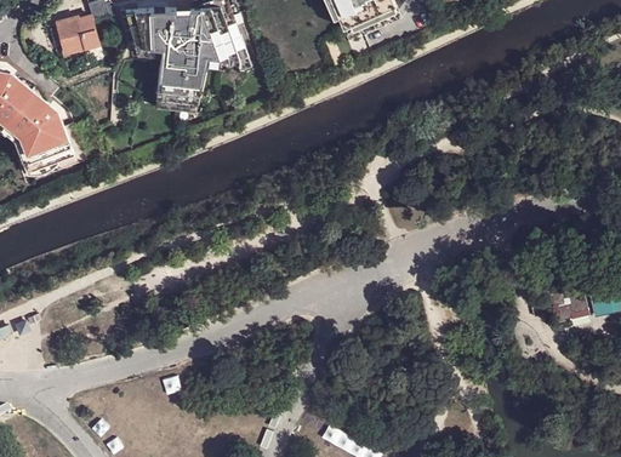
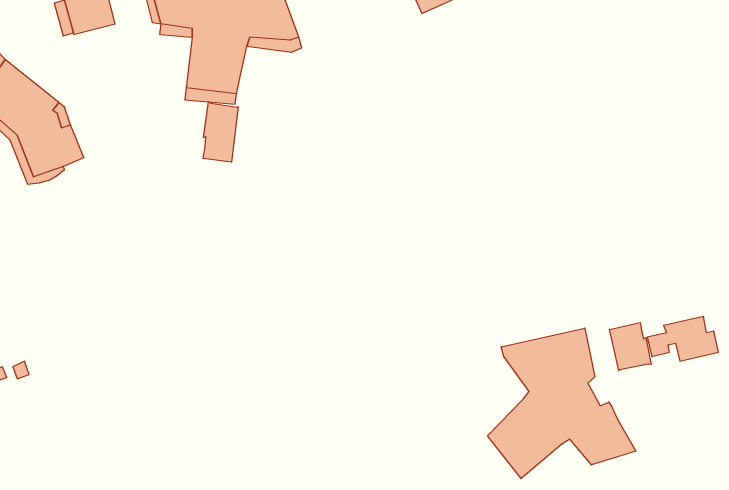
building: none -> [203,102,238,162]
building: none -> [610,323,651,371]
building: none -> [487,328,636,479]

